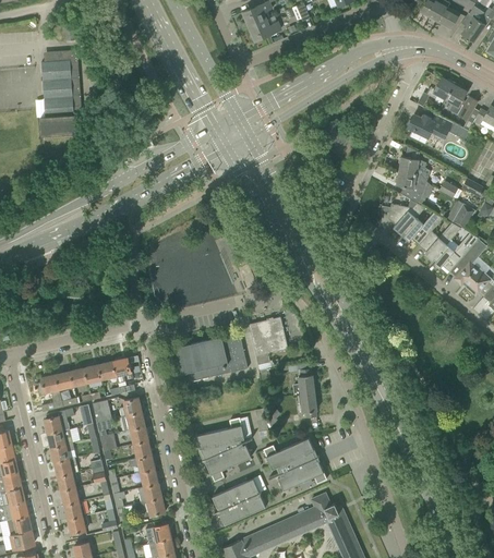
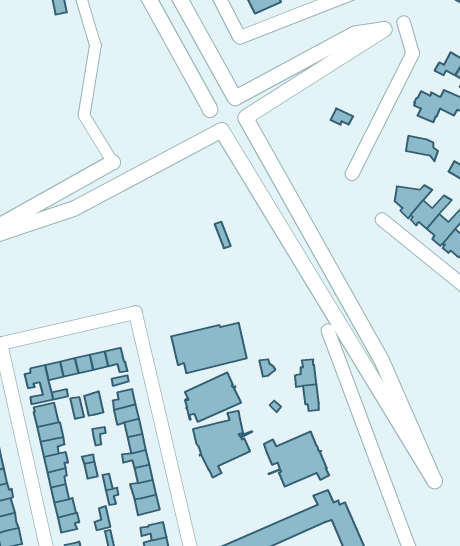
building: [40,50,83,136] -> none
building: [396,171,426,204] -> none
building: [249,317,288,356] -> none
building: [213,478,266,525] -> [185,373,241,422]

